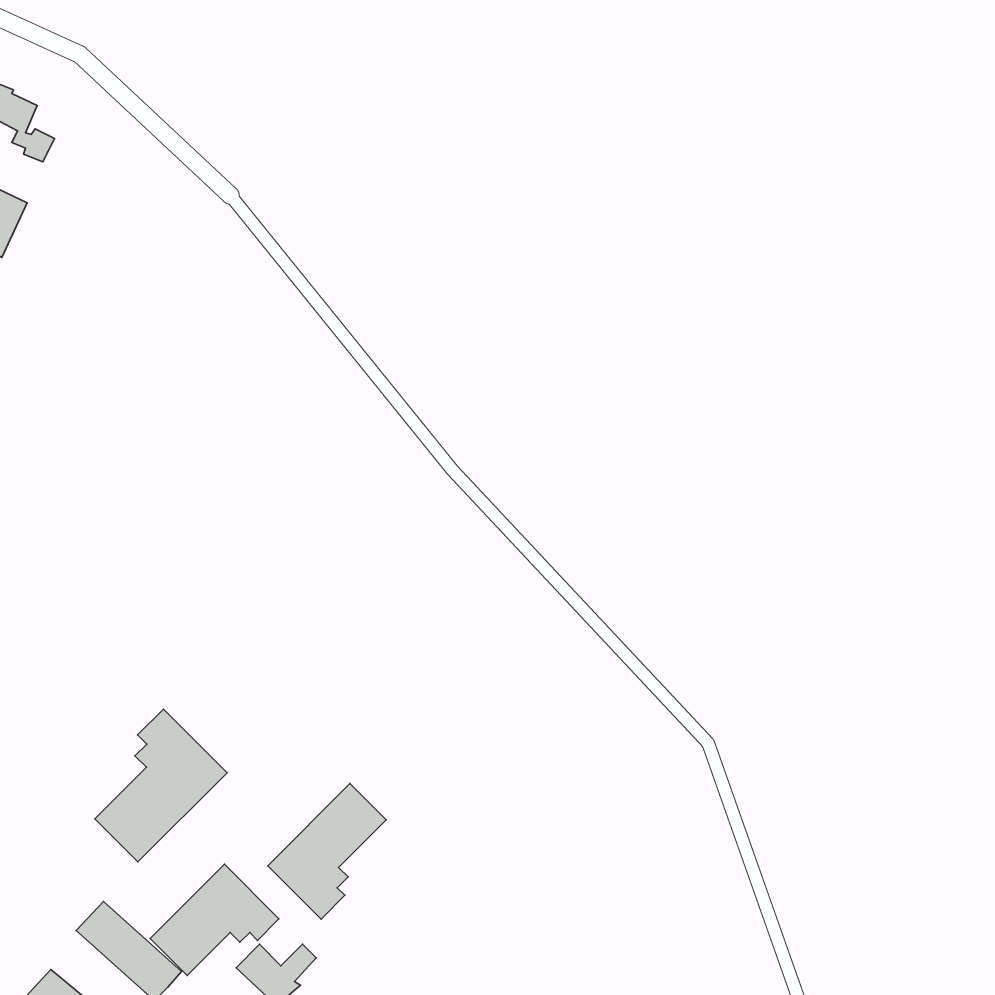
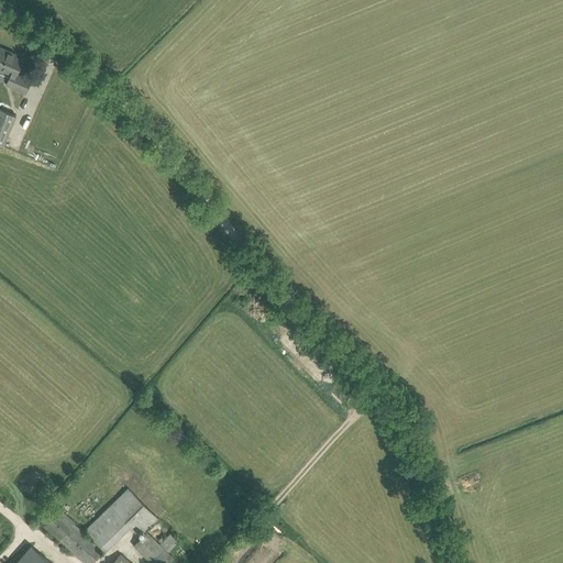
building: [95,709,227,862] -> none
building: [268,784,386,919] -> none

